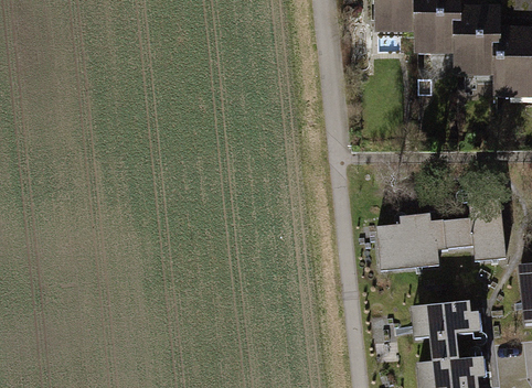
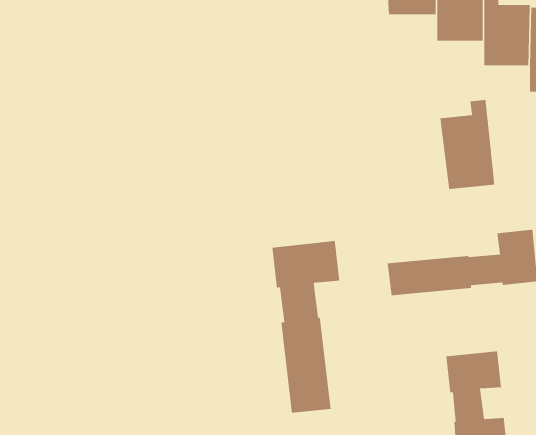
building: none -> [440,99,495,190]
building: none -> [272,240,340,413]

